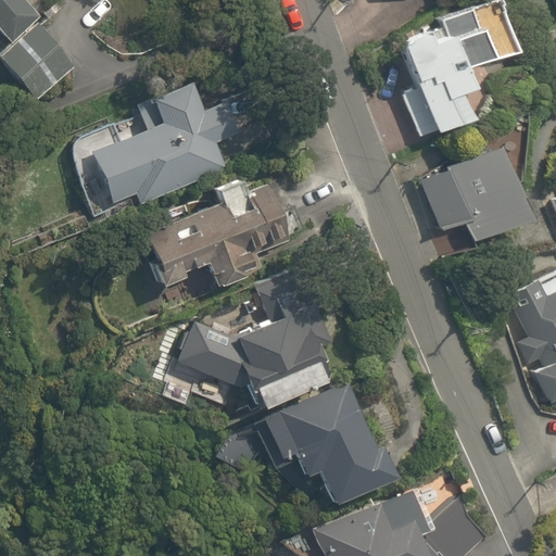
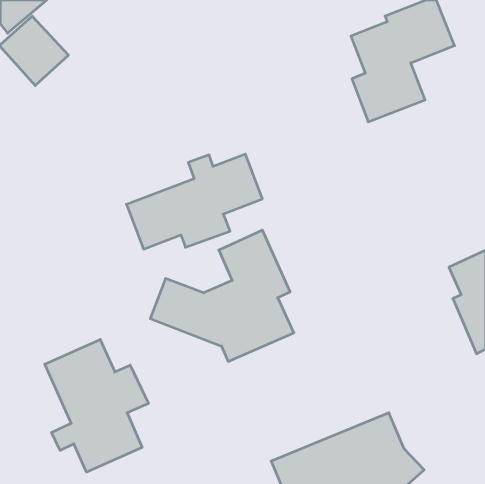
building: [70,76,245,216] -> none
building: [415,146,529,242] -> none
building: [262,377,392,506] -> none
building: none -> [45,339,148,472]

